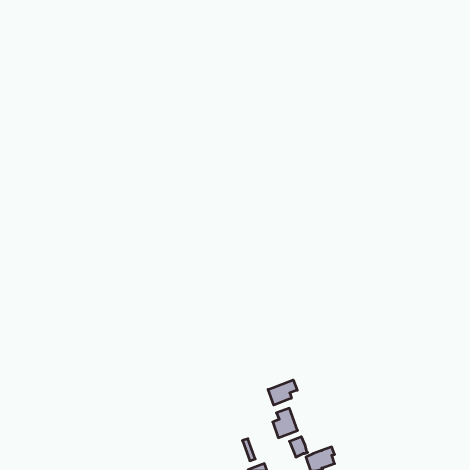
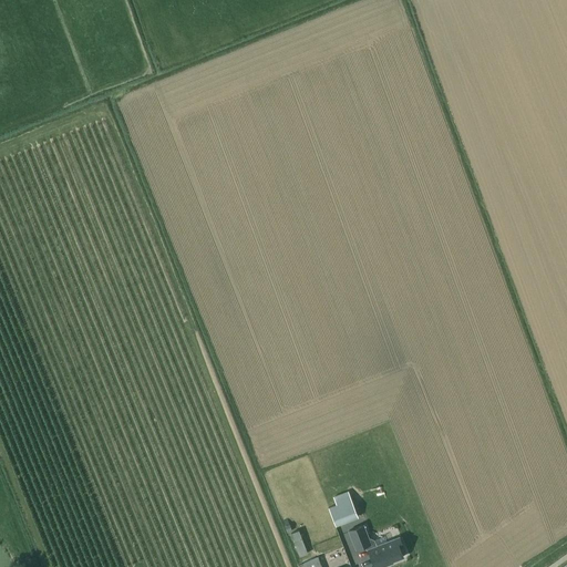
building: [268,380,297,405] -> none

